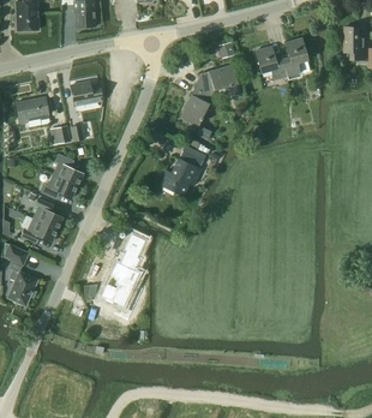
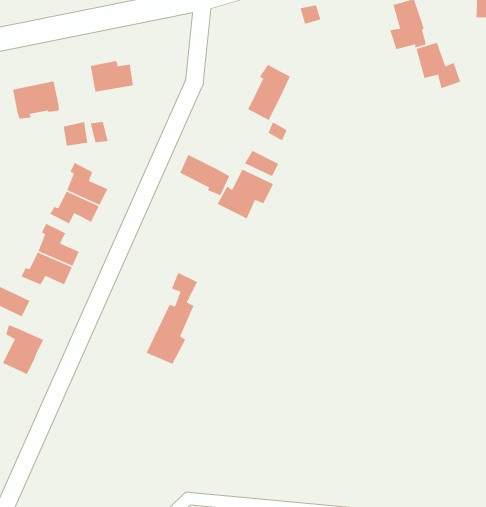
building: [254,47,287,80] -> [415,42,461,89]
building: [196,66,236,94] -> none
building: none -> [179,154,231,196]

